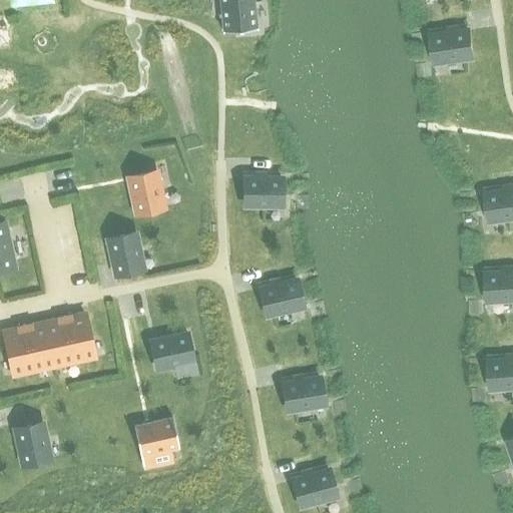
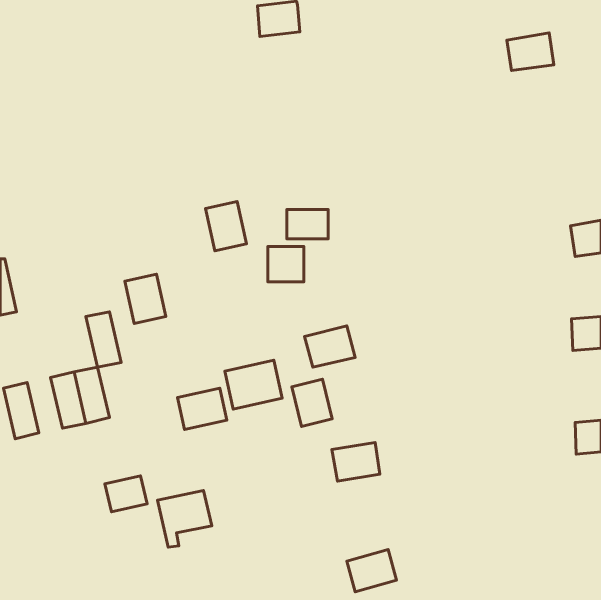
building: [126,173,161,215] -> [205,202,247,251]
building: none -> [268,246,304,282]
building: none -> [225,360,282,409]
building: [23,323,53,370] -> [86,312,121,367]
building: none -> [292,379,332,426]
building: none -> [105,476,147,512]
building: [15,421,50,463] -> none

